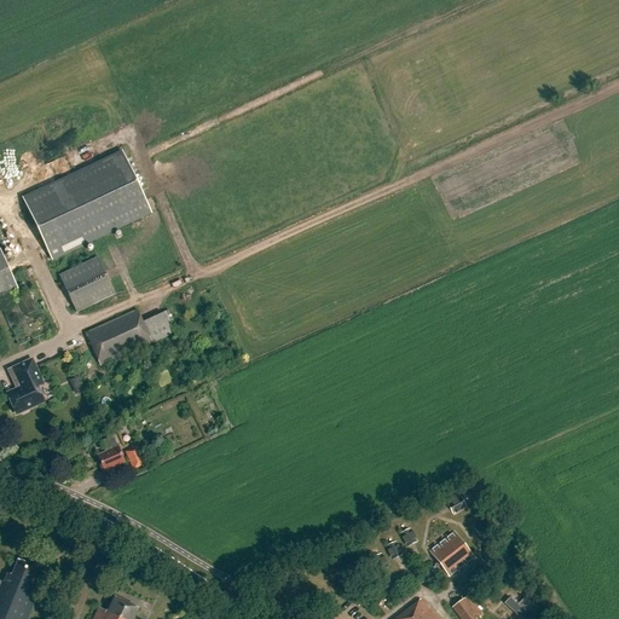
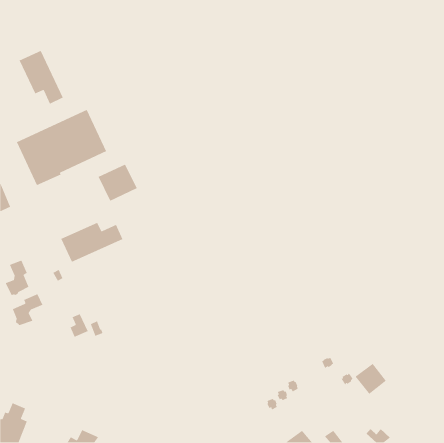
building: none -> [19,50,64,105]
building: [60,256,116,310] -> [98,163,138,202]
building: none -> [12,293,44,326]
building: [428,531,473,575] -> [354,363,387,395]

